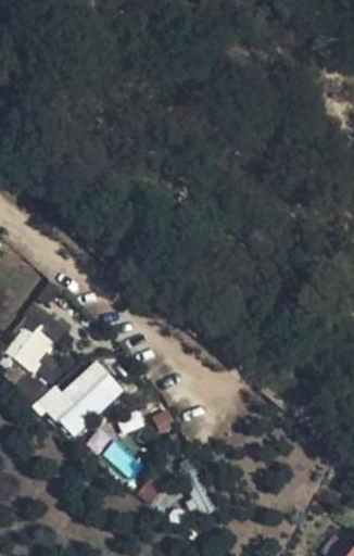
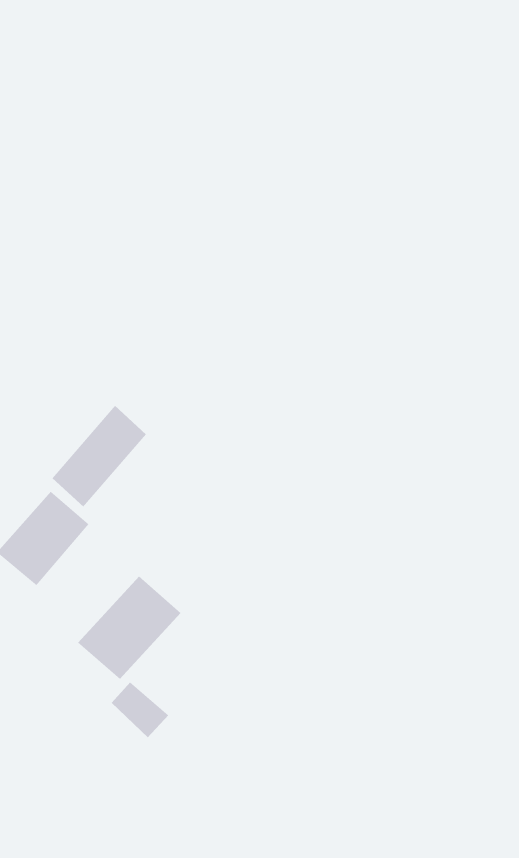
building: none -> [51,405,147,508]

